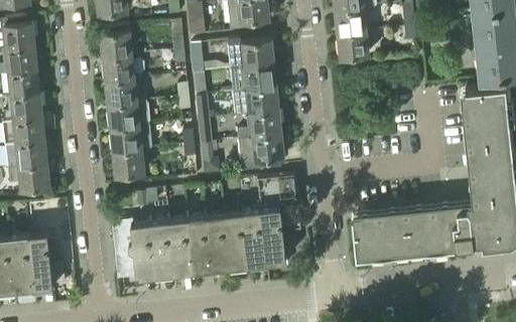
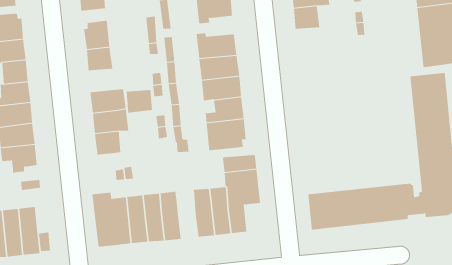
building: [338,33,368,59] -> none
building: [106,79,136,106] -> [126,90,153,113]
building: [205,214,229,270] -> none

